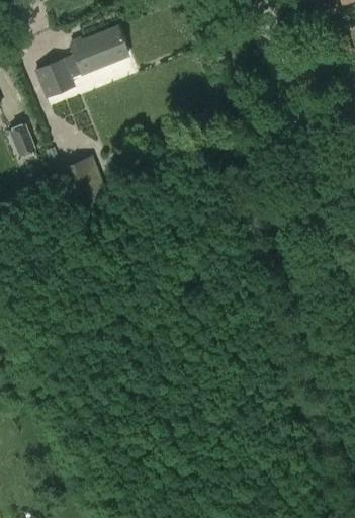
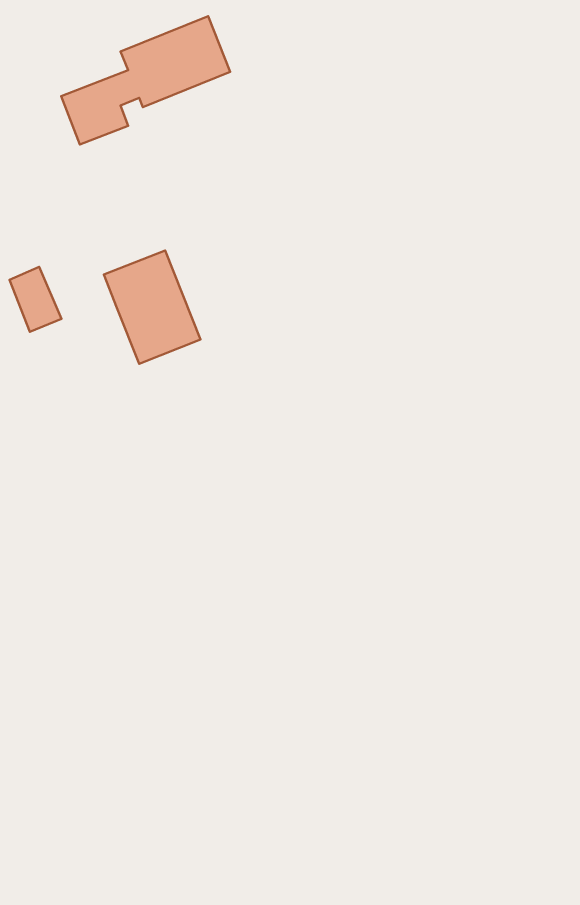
building: [8,121,36,157] -> [10,267,62,332]

